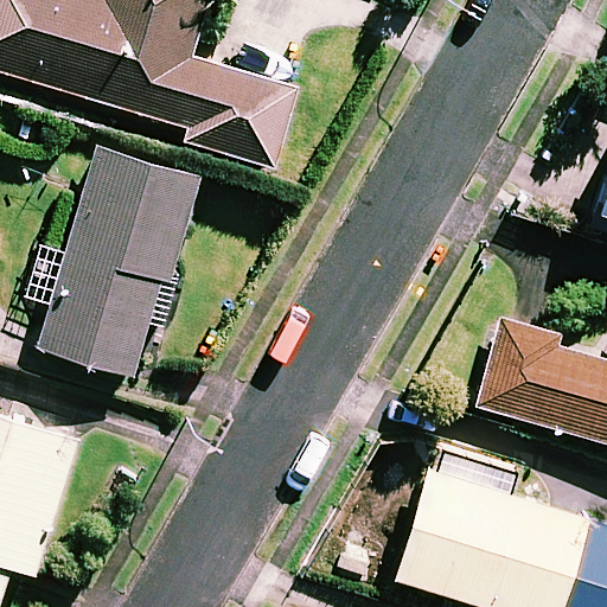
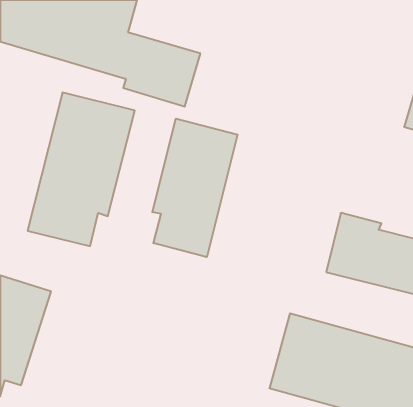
building: none -> [152,119,238,257]

